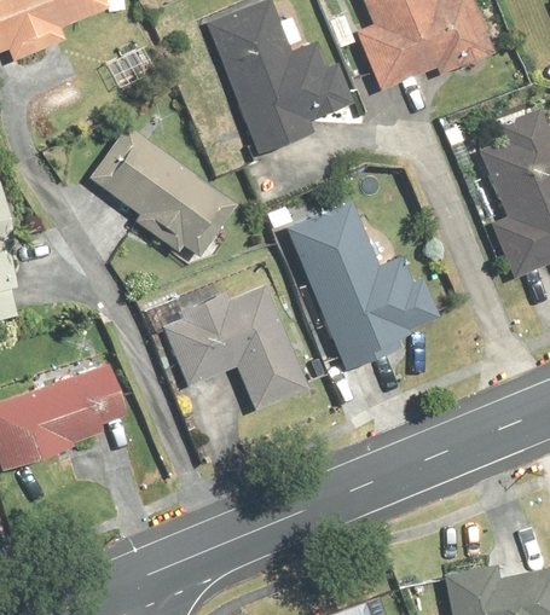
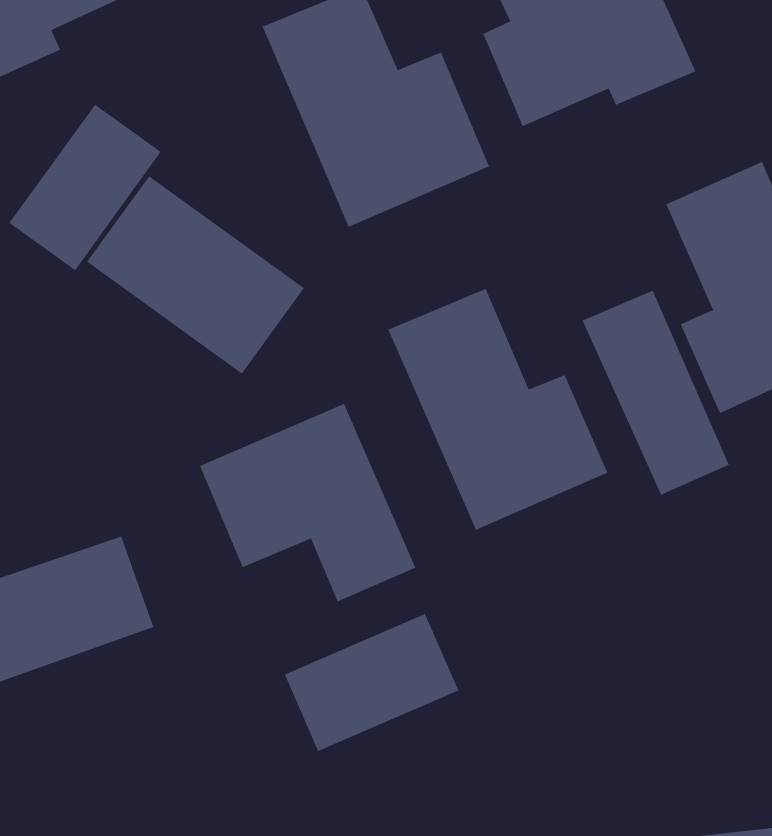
building: none -> [8,104,162,271]
building: none -> [582,290,730,496]
building: none -> [284,613,459,752]

